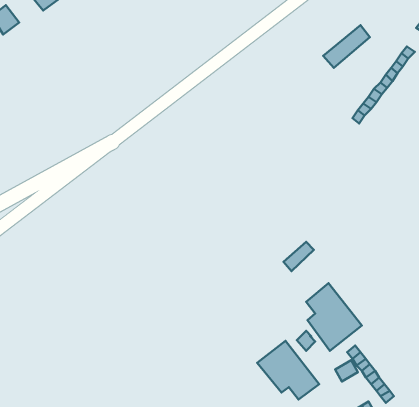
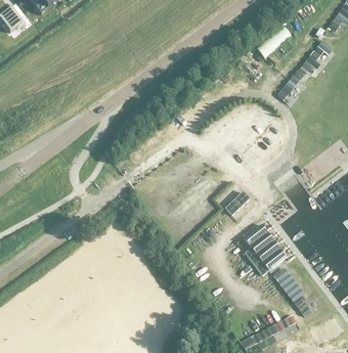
building: [257,341,319,399] -> none

